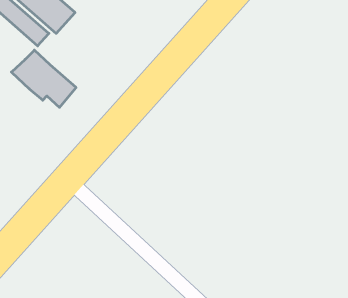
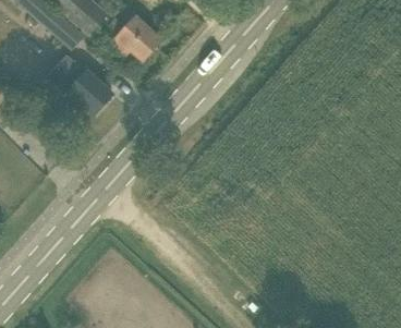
building: none -> [102,16,161,60]

